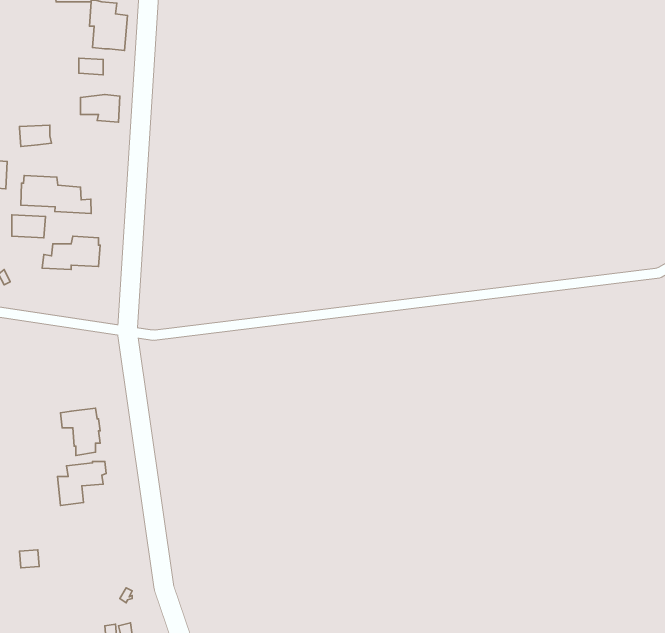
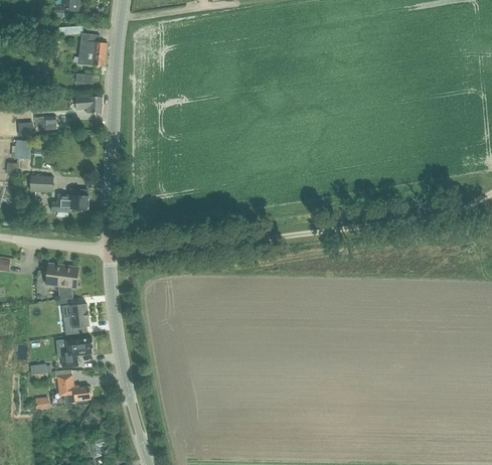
building: [21,175,91,213] -> none
building: none -> [45,263,79,299]
building: none -> [54,369,91,403]

